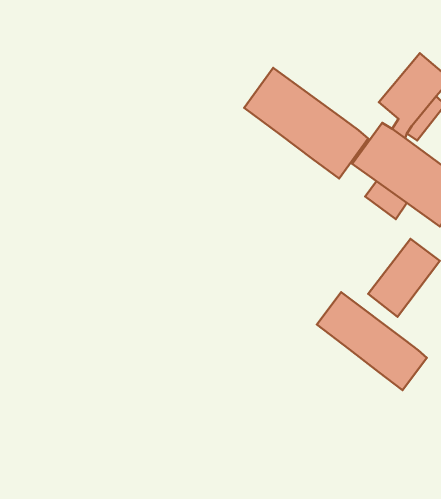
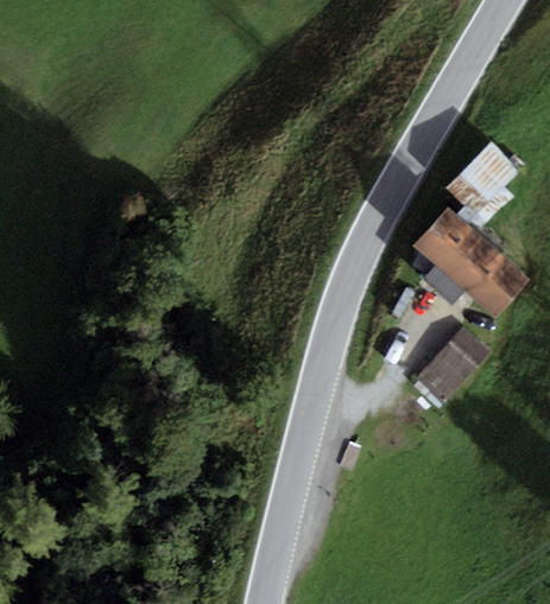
building: [244,68,368,178] -> none
building: [317,292,427,390] -> none

